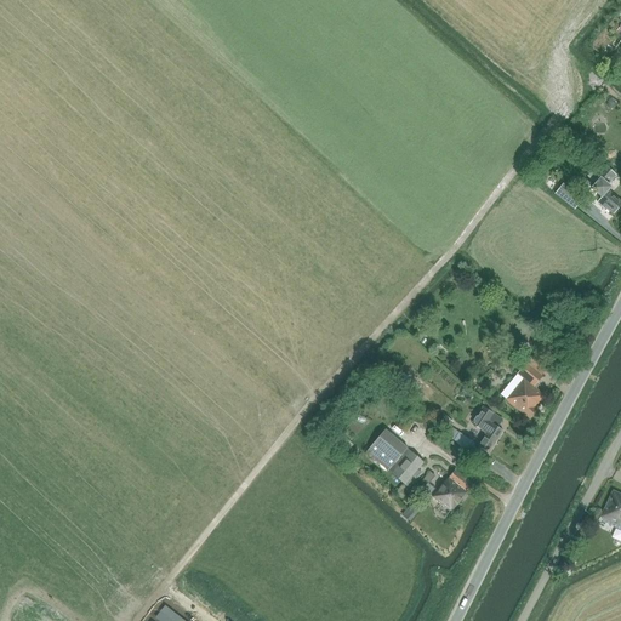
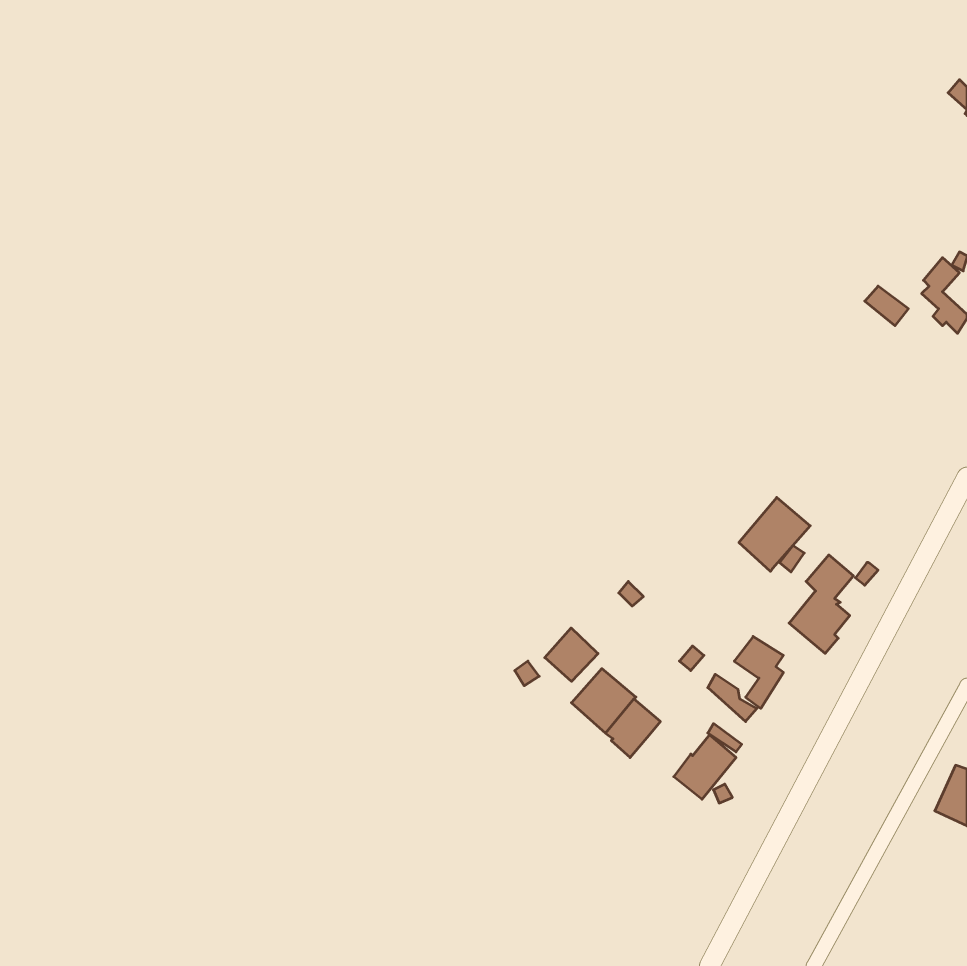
building: none -> [739,497,810,571]
building: none -> [545,628,598,681]

